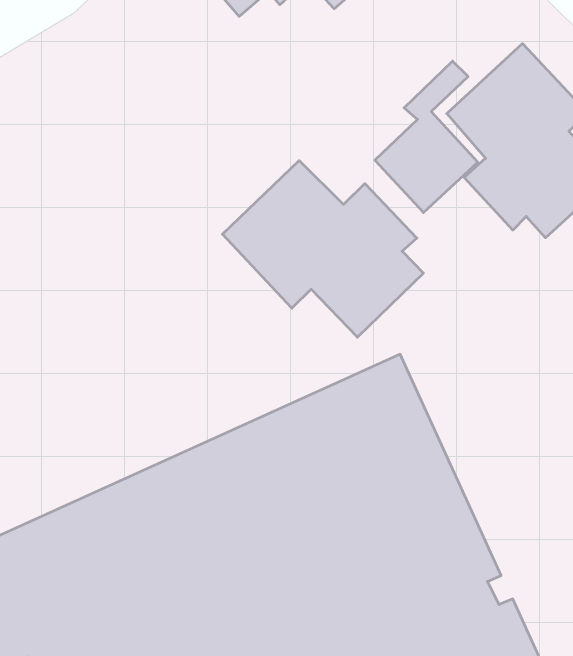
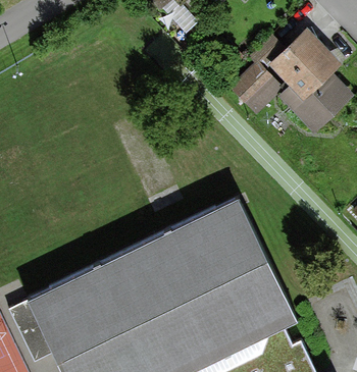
building: [222,161,423,337] -> none

